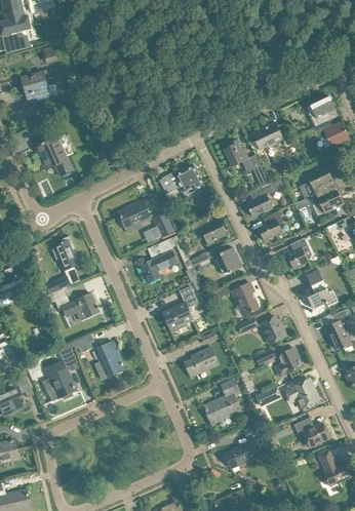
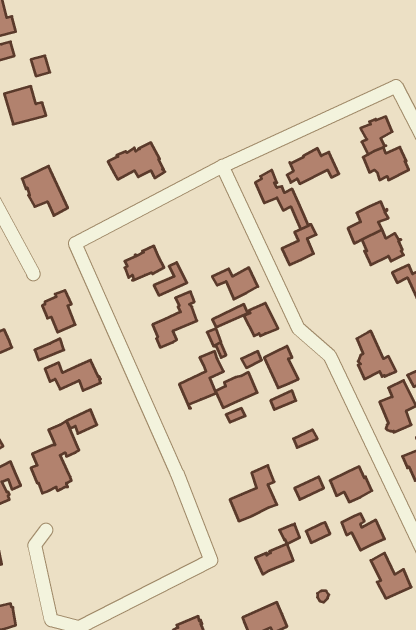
building: [158,164,204,194] -> [108,143,165,179]
building: [258,210,282,240] -> none
building: [285,237,311,268] -> none
building: [259,315,285,344] -> none
building: [93,341,123,379] -> none
building: [184,347,218,376] -> [215,372,257,408]
building: [274,348,302,376] -> none

